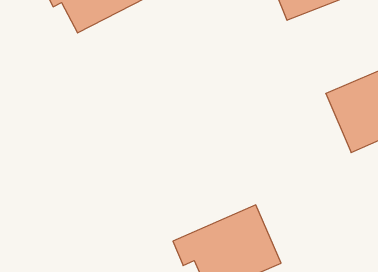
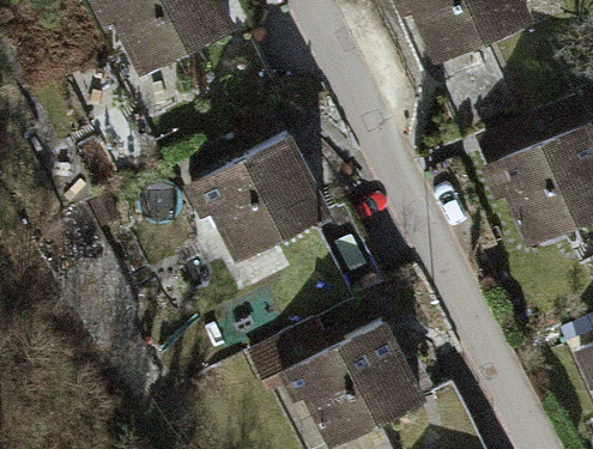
building: none -> [182,139,328,260]

